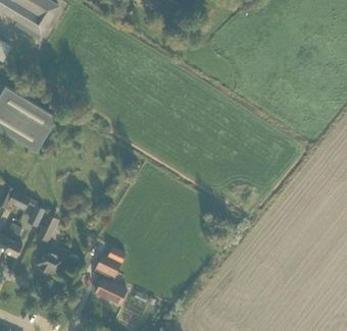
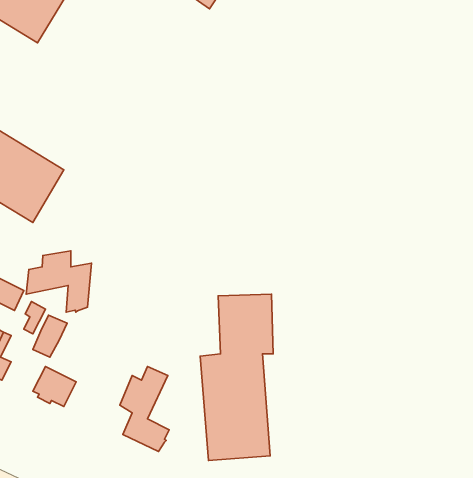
building: none -> [26,251,91,312]
building: none -> [200,294,273,461]

